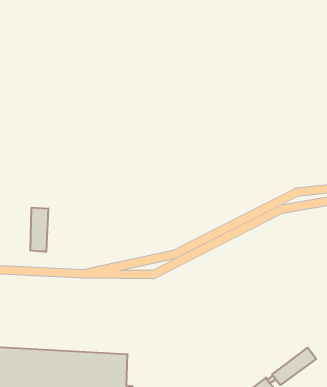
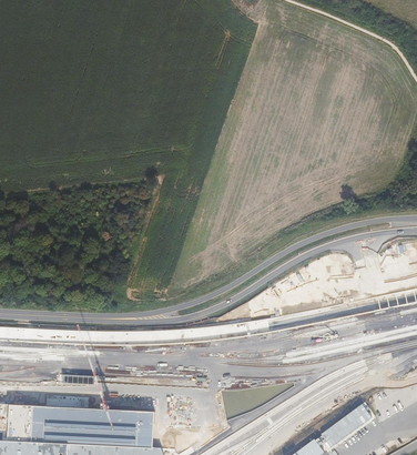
building: [30,208,48,252] -> none

